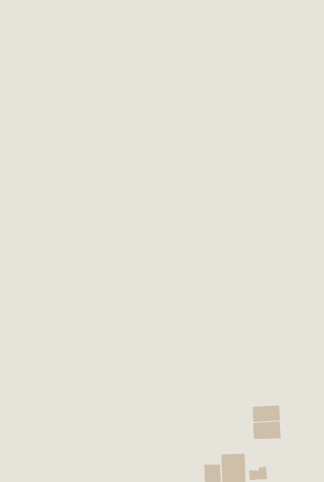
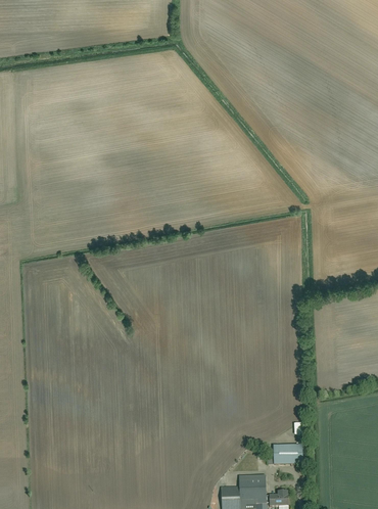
building: [252,405,280,423] -> none

